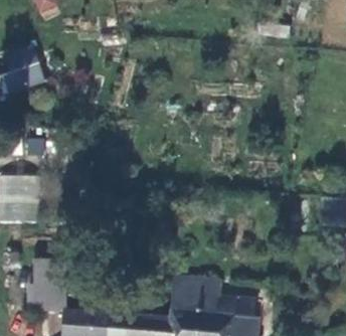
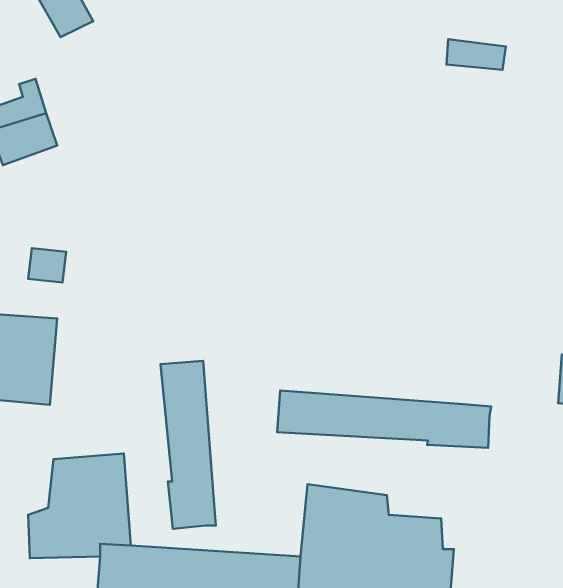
building: none -> [160,361,216,529]
building: none -> [277,390,491,448]

